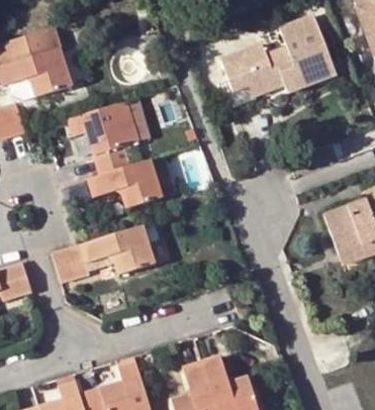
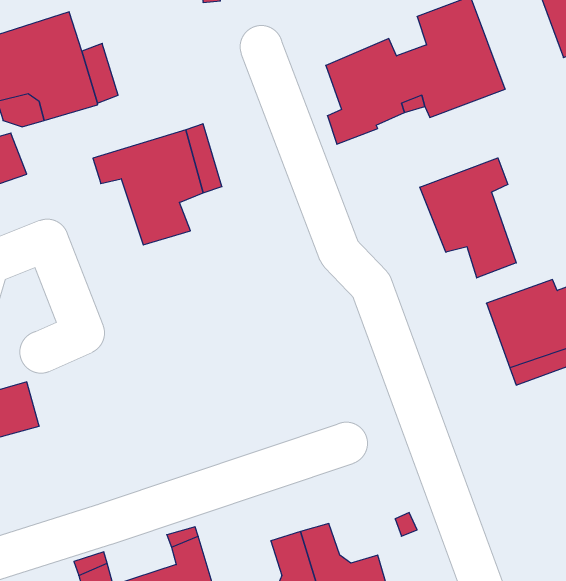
building: none -> [420,158,516,278]
building: [88,159,164,208] -> none
building: [53,225,157,283] -> none

